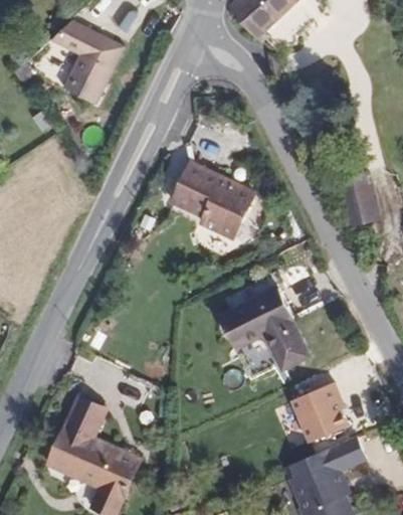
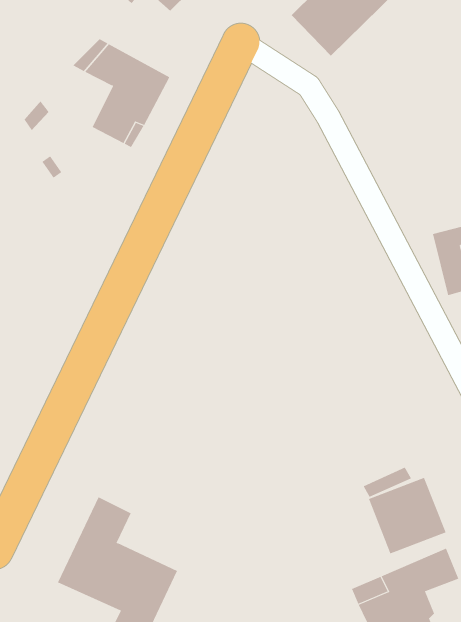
building: [171,165,253,238] -> none
building: [218,289,308,367] -> none

